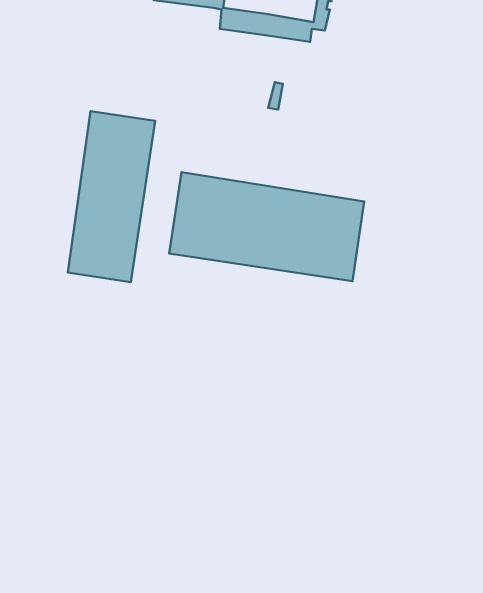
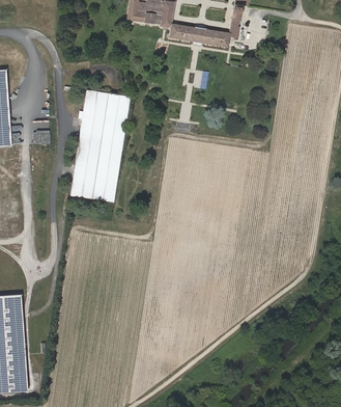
building: [169,172,364,281] -> none

